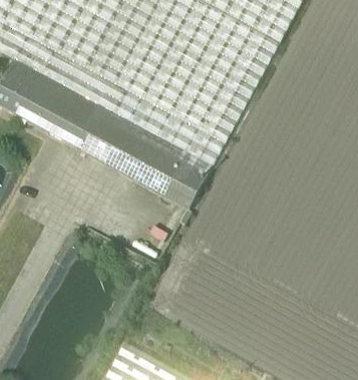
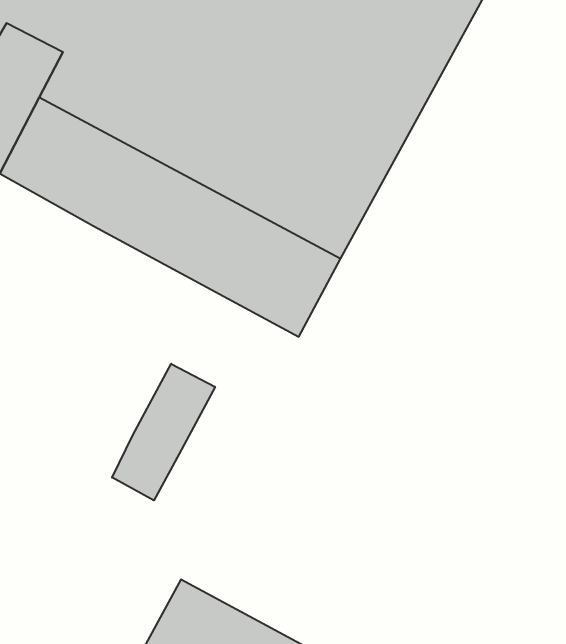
building: none -> [112,364,215,500]

